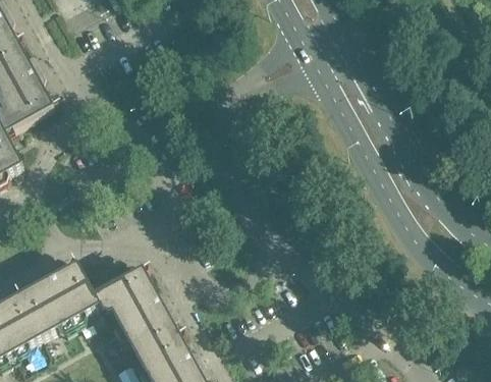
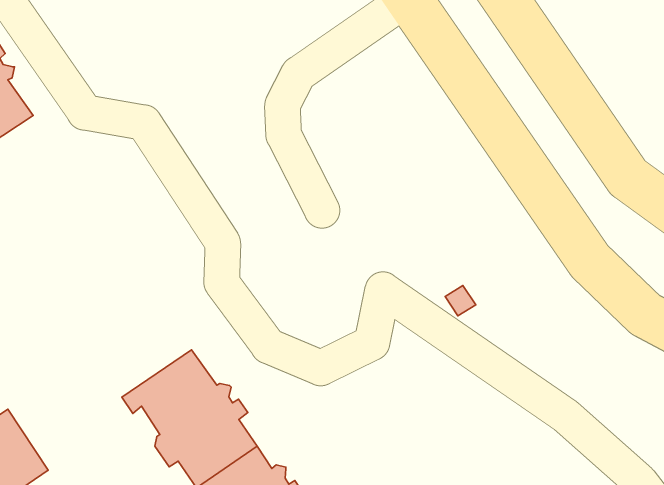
building: [18,261,99,334] -> none

